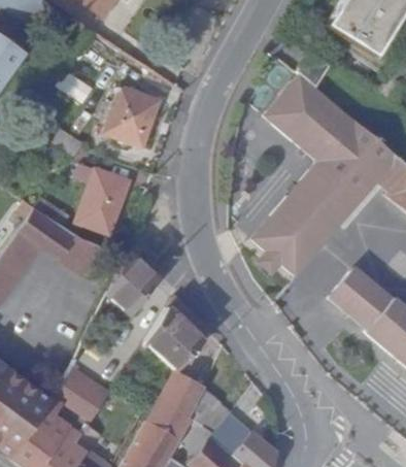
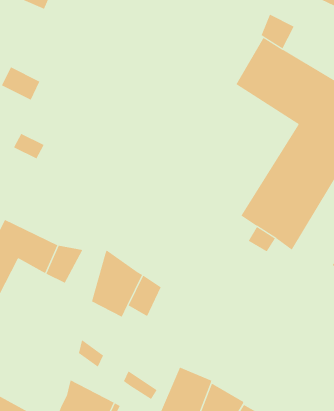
building: [104,87,161,148] -> none
building: [73,162,129,235] -> none
building: [144,297,206,371] -> none

